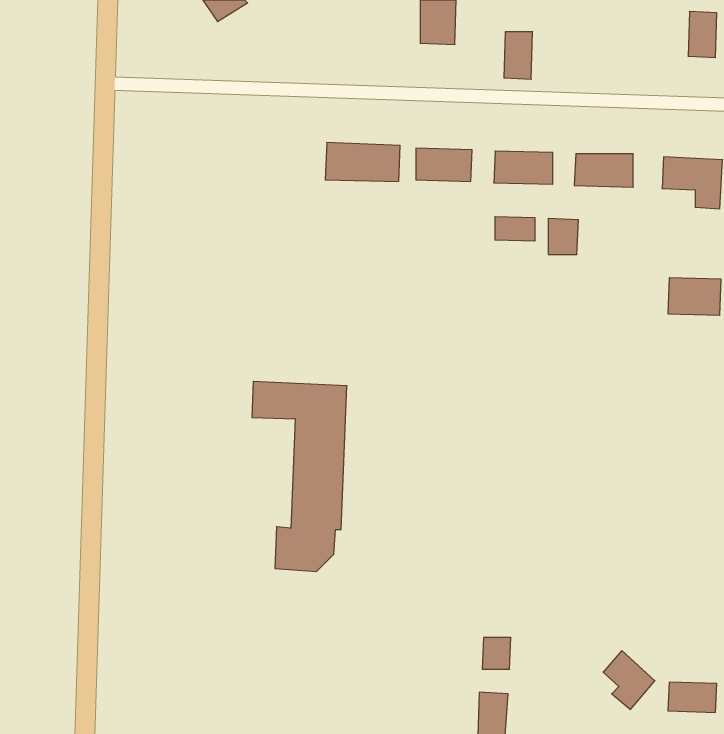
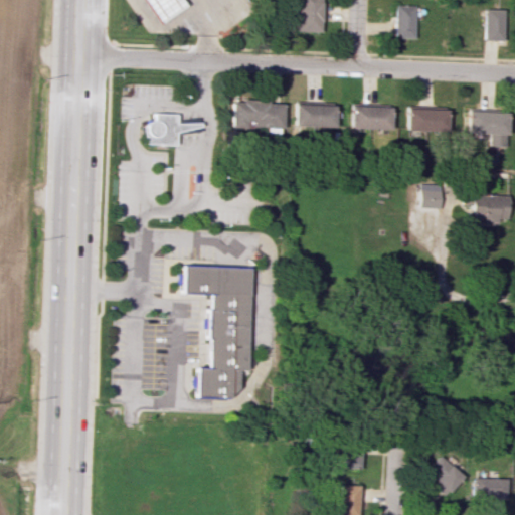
building: [504,32,533,79] -> [399,6,419,39]
building: none -> [146,115,202,146]
building: [495,217,535,241] -> none
building: [548,218,578,254] -> [423,184,445,209]

